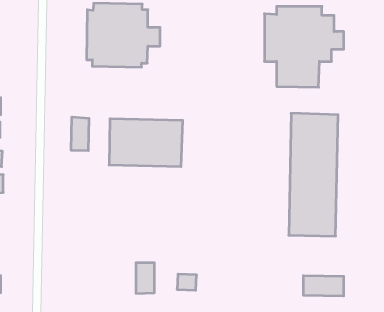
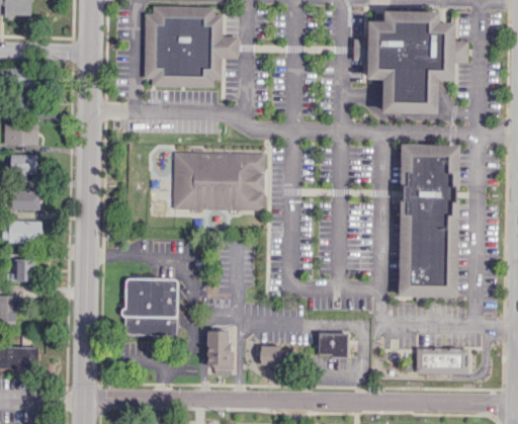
building: [71,117,89,151] -> none
building: none -> [124,279,176,336]
building: none -> [317,334,348,356]

